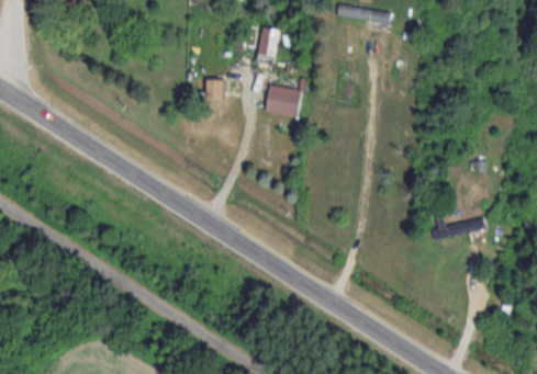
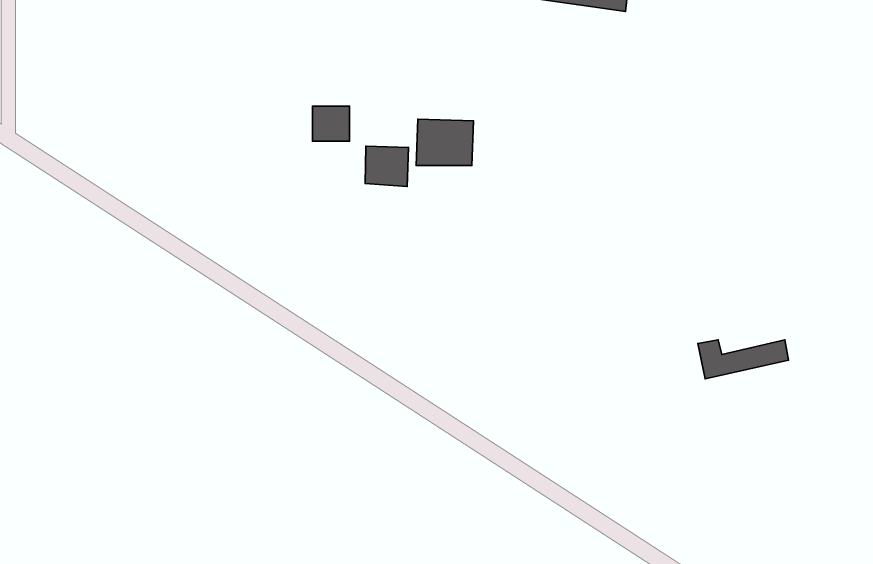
building: [258,29,281,57] -> none
building: none -> [365,146,408,186]

